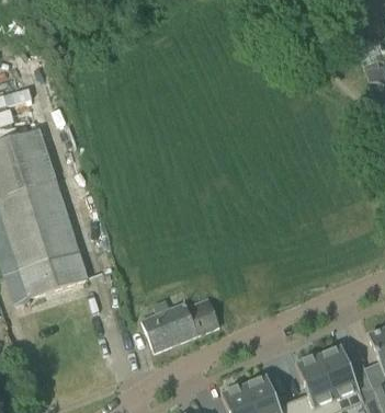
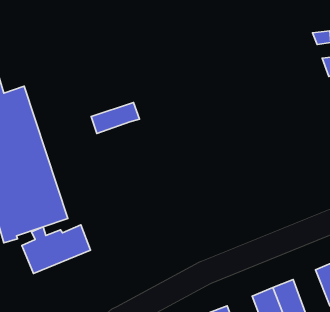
building: none -> [91,102,139,133]
building: [141,298,219,353] -> [22,225,91,274]

